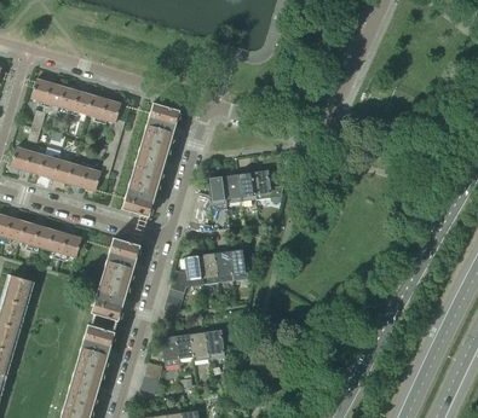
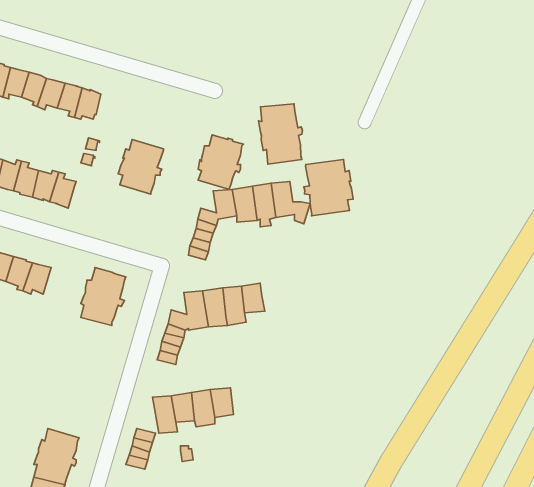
building: [145,103,180,145] -> [198,135,244,190]
building: none -> [259,104,302,164]
building: none -> [304,159,353,216]
building: [125,173,160,215] -> none
building: [94,275,129,319] -> none
building: [80,324,115,368] -> none

